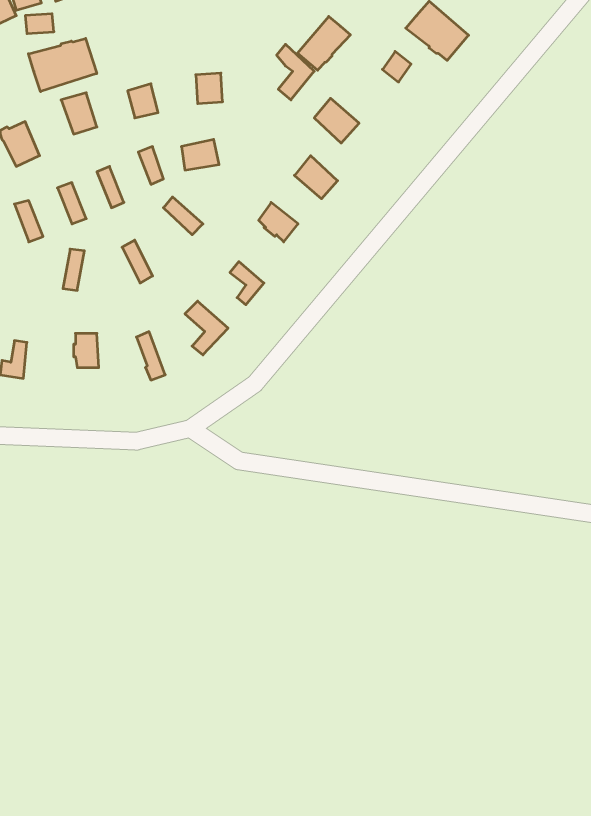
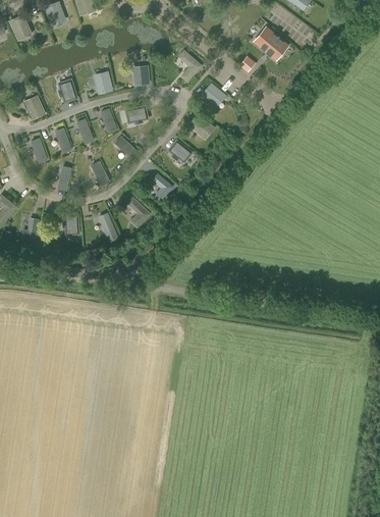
building: [298,16,350,70] -> none
building: [28,38,97,92] -> none

